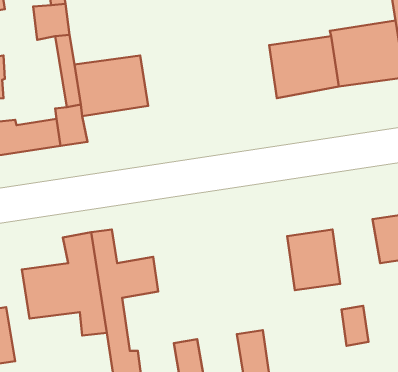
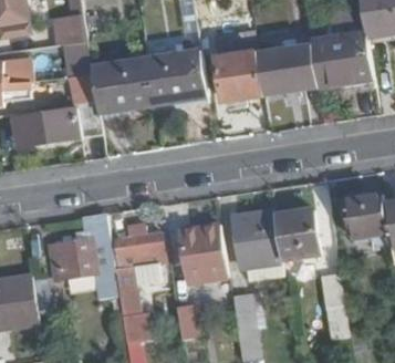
building: none -> [216,32,264,102]
building: none -> [147,52,208,103]
building: none -> [232,212,280,267]
building: none -> [177,225,226,283]

